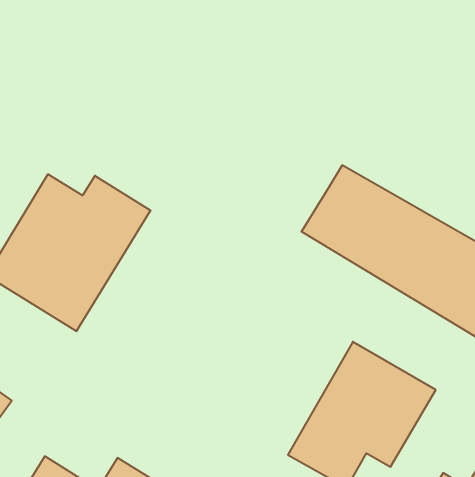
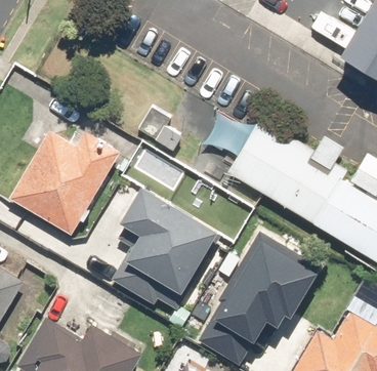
building: none -> [114,184,219,315]

